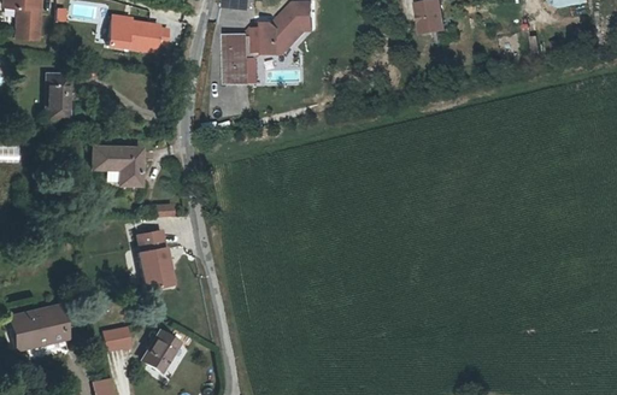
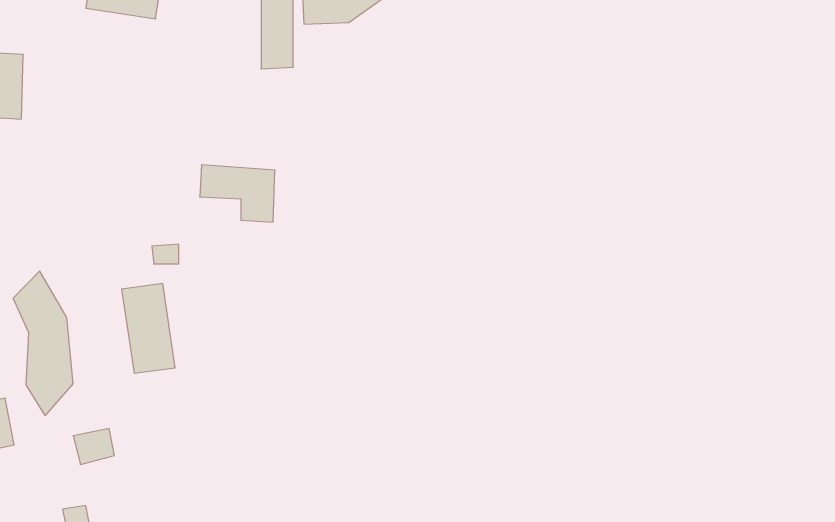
building: [90,145,141,183] -> [200,165,275,222]
building: none -> [13,271,73,415]
building: [145,330,182,371] -> none

